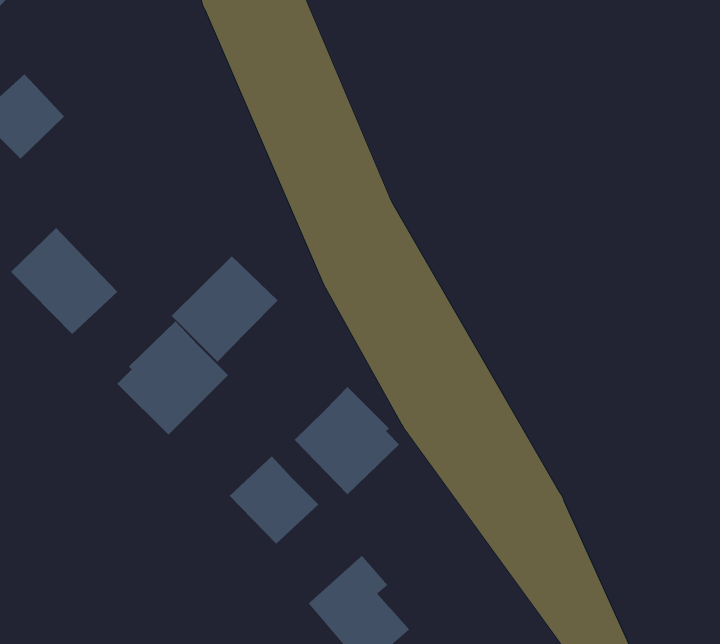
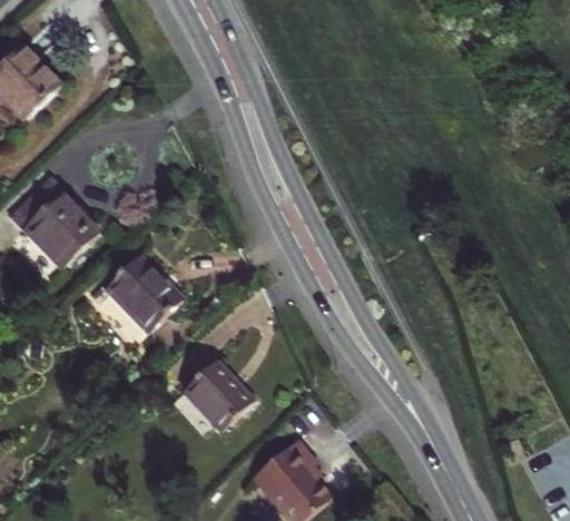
building: [171,255,278,362] -> none
building: [294,386,400,495] -> none

